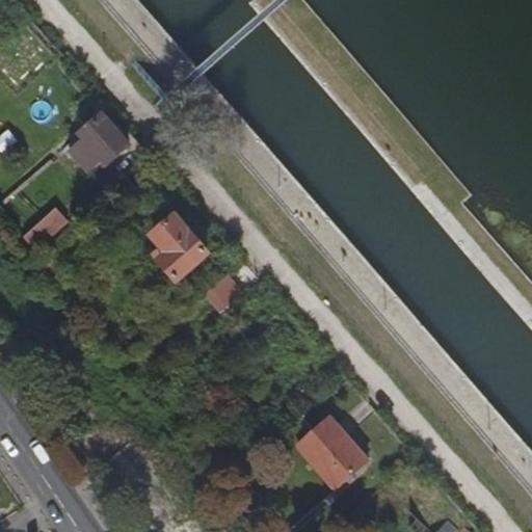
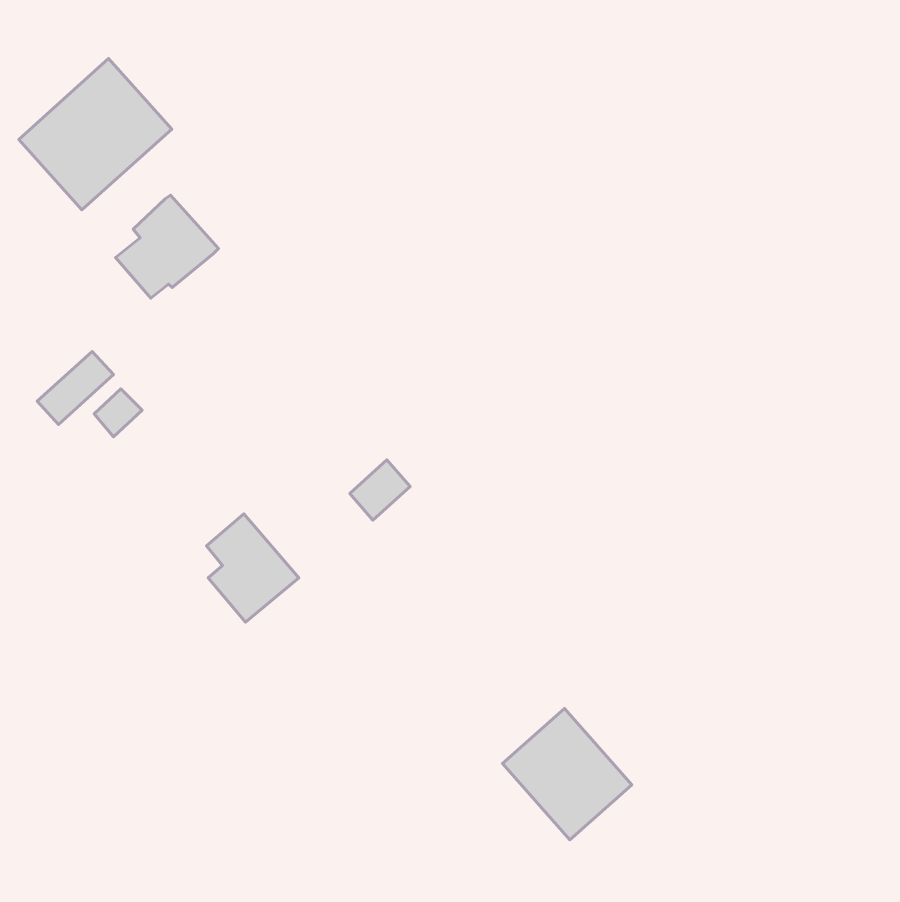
building: none -> [19,59,172,210]
building: [153,215,207,278] -> [206,514,299,622]

